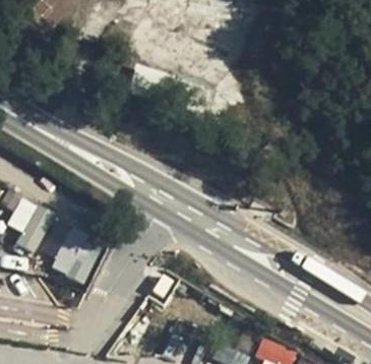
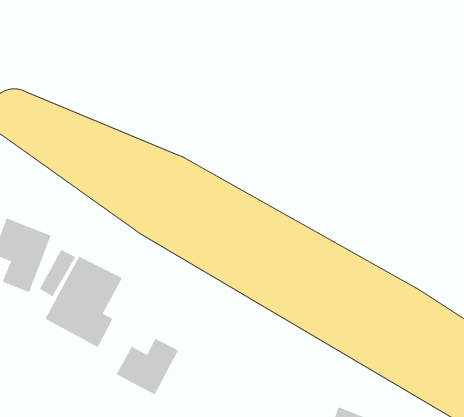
building: none -> [116,338,179,395]

